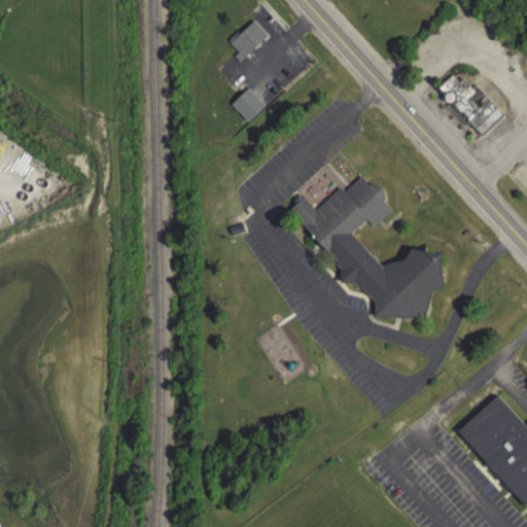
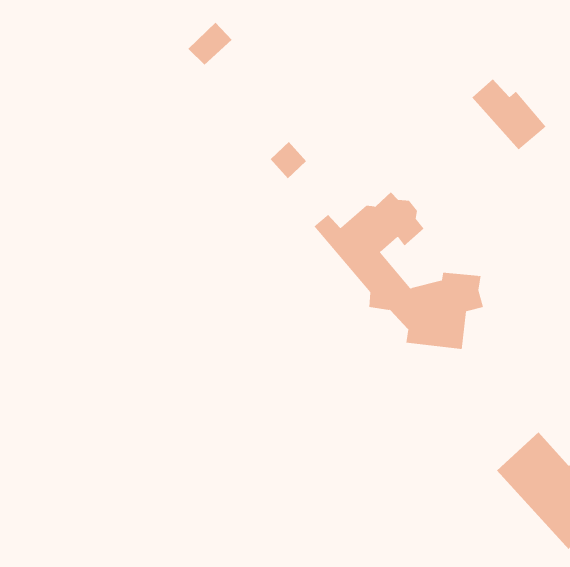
building: [227,19,269,59] -> [188,22,232,65]
building: [232,86,266,121] -> [270,141,307,179]

